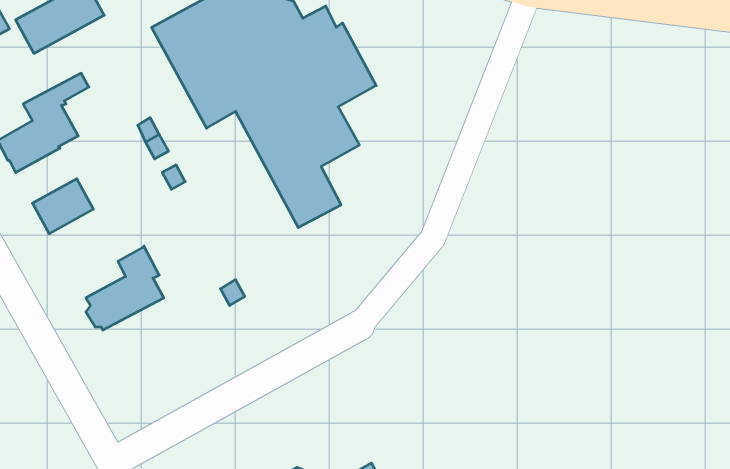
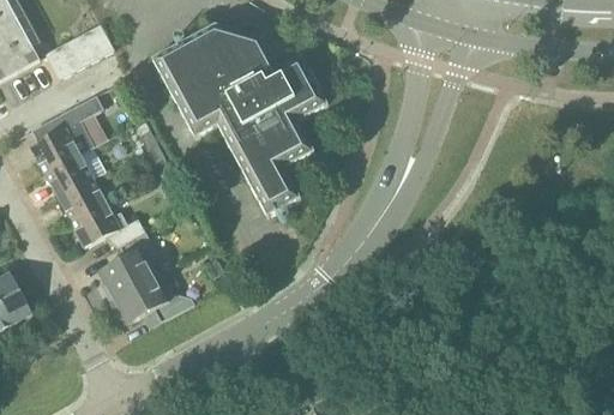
building: none -> [46,155,94,198]
building: none -> [72,203,145,248]
building: none -> [113,272,194,327]

